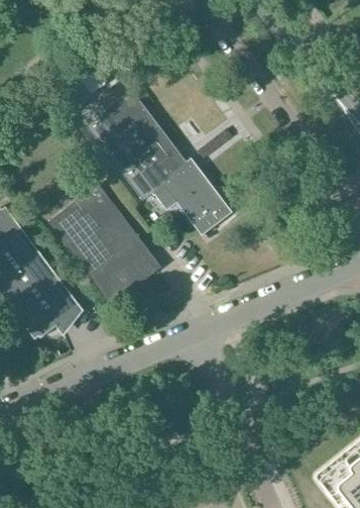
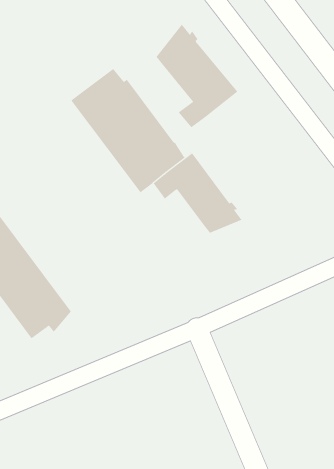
building: none -> [156,24,238,128]
building: [58,187,159,301] -> none

